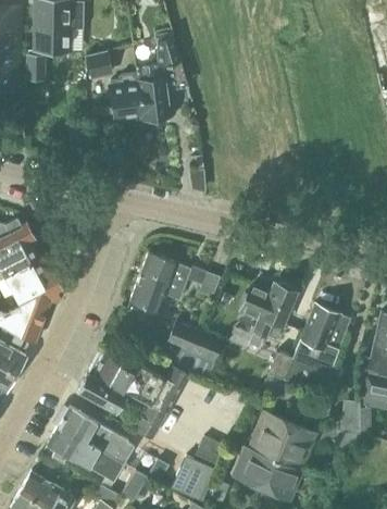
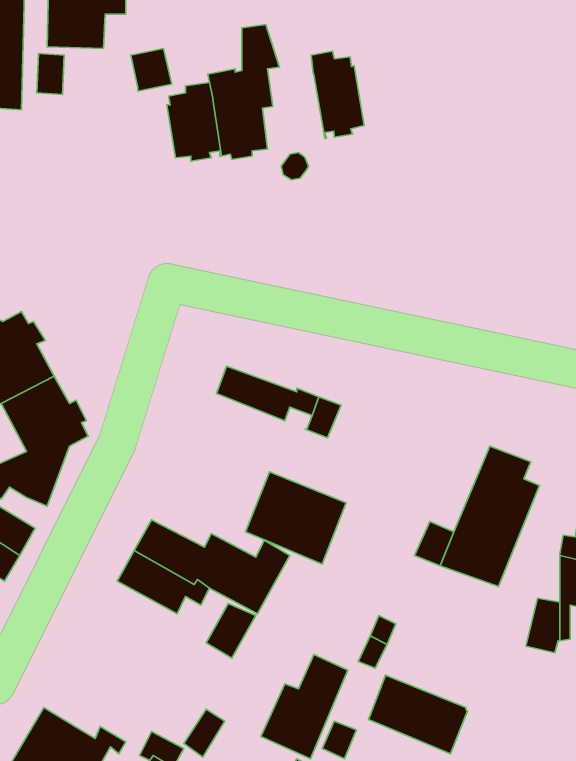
building: none -> [311,51,364,139]
building: [129,270,185,313] -> none
building: [238,281,296,348] -> none
building: [46,406,134,483] -> none
building: [249,411,315,470] -> none

